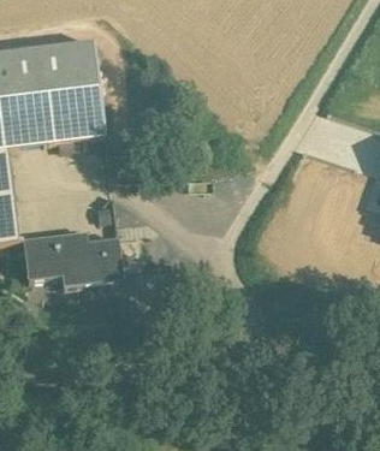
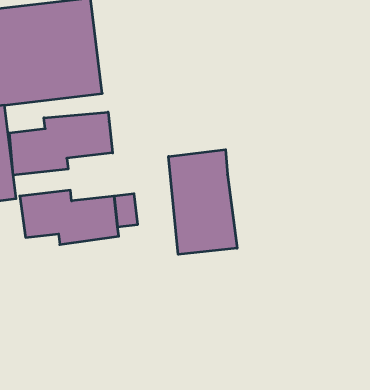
building: none -> [10,112,113,175]
building: none -> [169,150,237,254]

